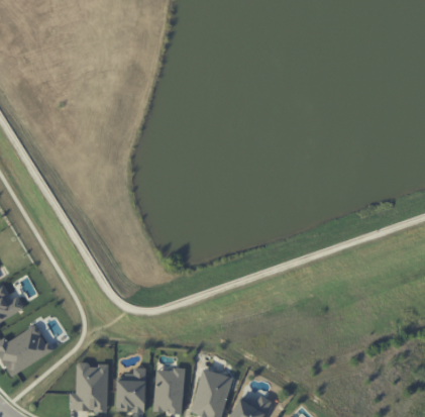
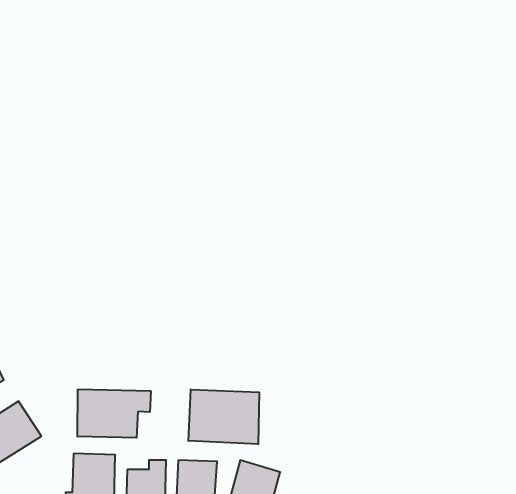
building: none -> [77,389,151,438]
building: none -> [188,389,259,444]

